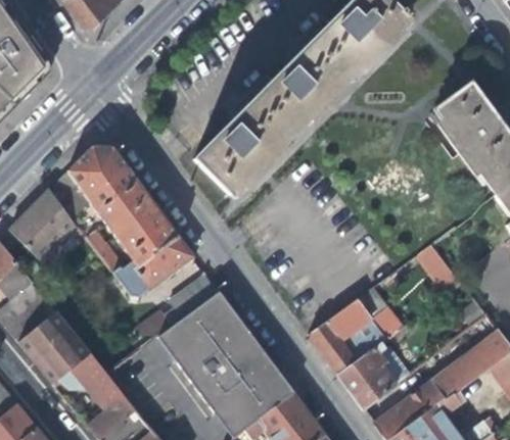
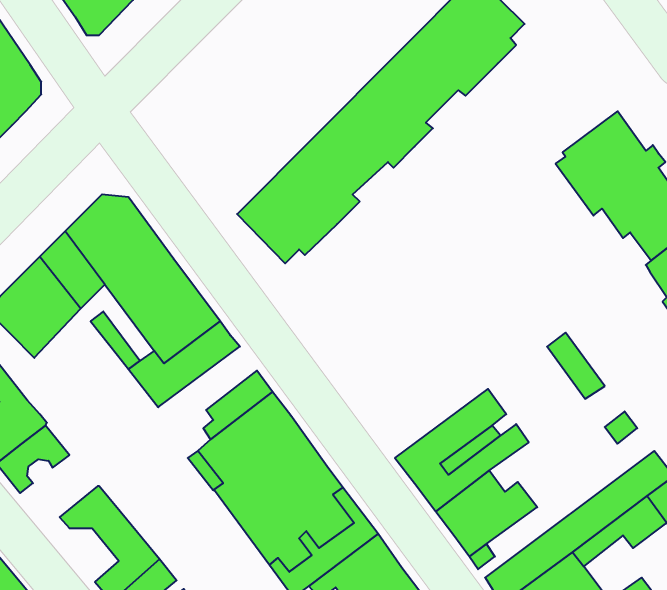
building: [34,333,90,385] -> none

